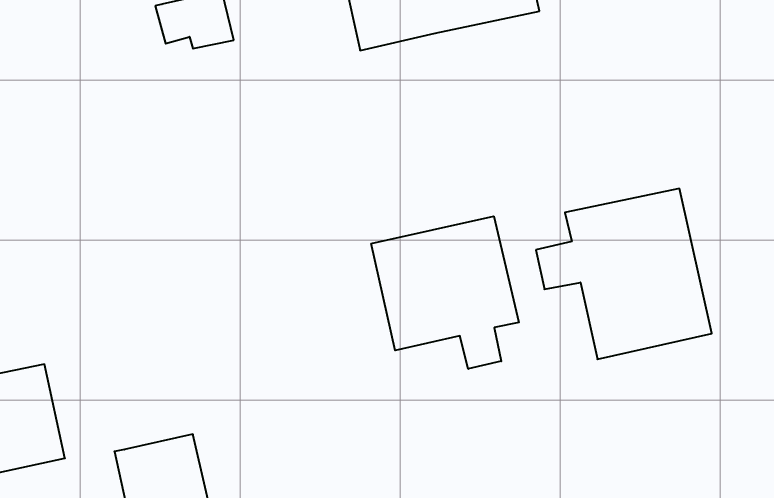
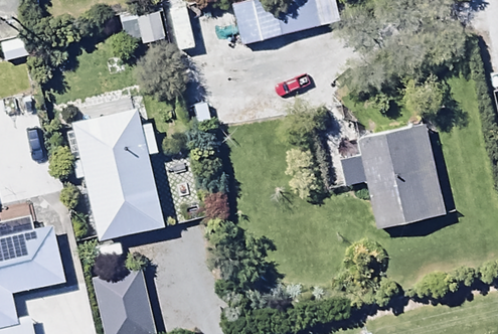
building: none -> [71,109,165,240]
building: [371,216,519,369] -> none

